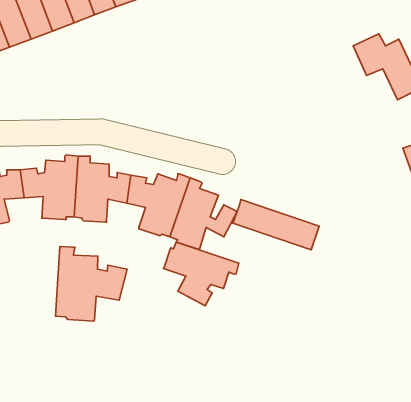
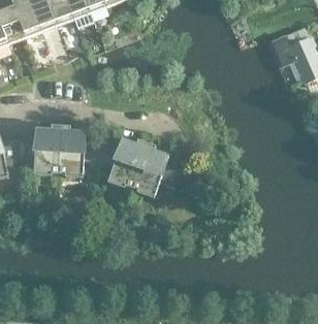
building: [233,199,319,250] -> none
building: [164,242,239,306] -> none
building: [56,247,127,321] -> none

